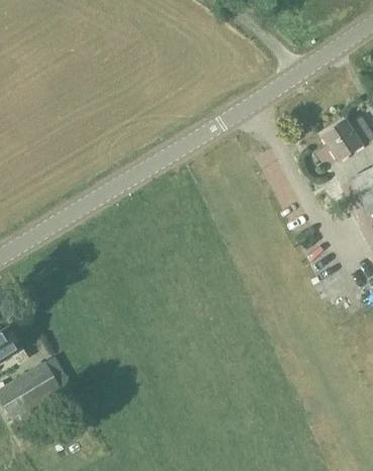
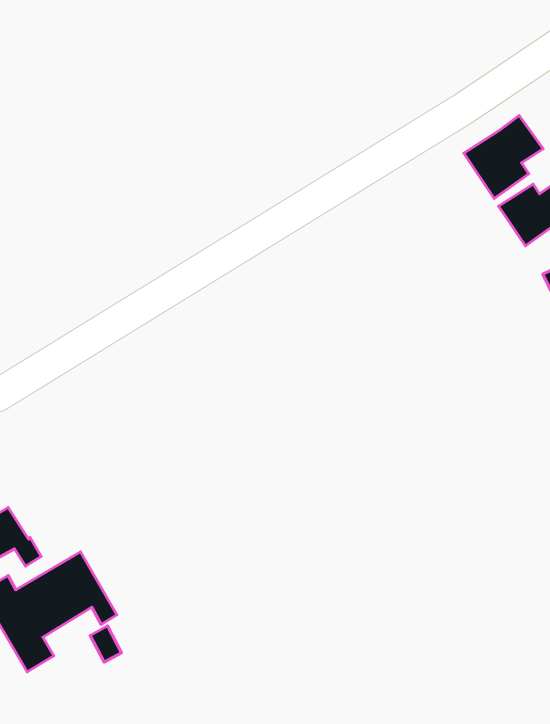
building: none -> [464,116,543,199]

